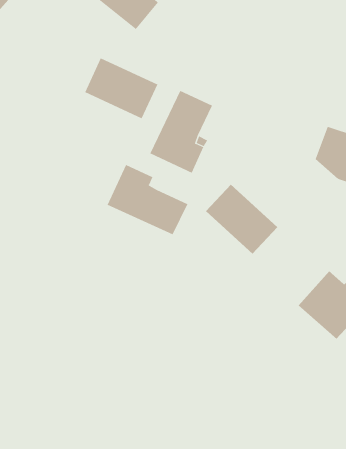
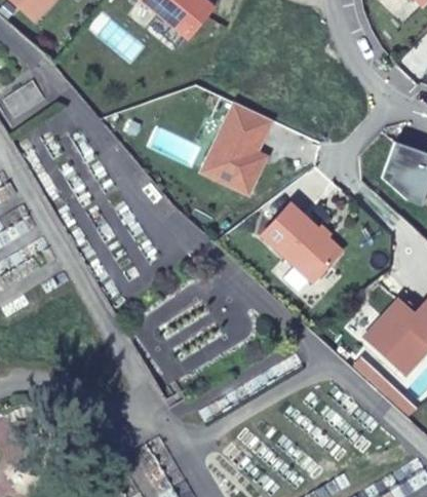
building: [85,58,158,119] -> none
building: [107,164,188,235] -> none

